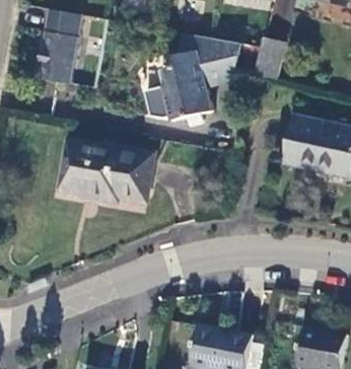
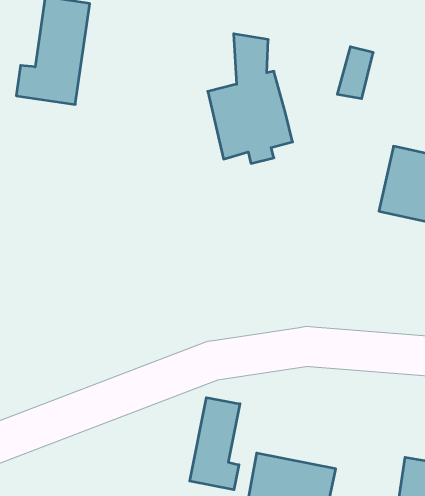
building: [204,38,243,89] -> none
building: [56,143,151,203] -> none
building: none -> [190,398,240,490]

